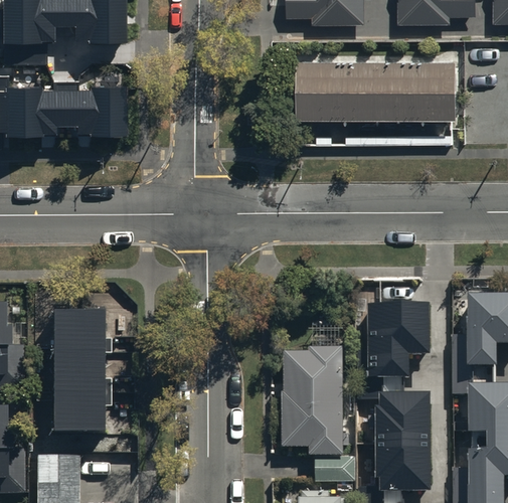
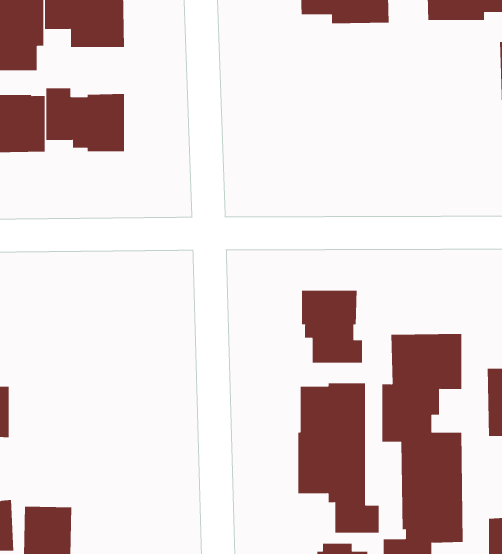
building: [296,57,455,117] -> none
building: none -> [301,290,363,364]
building: [49,316,109,440] -> none

